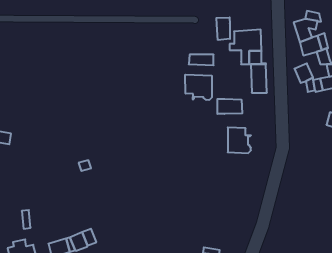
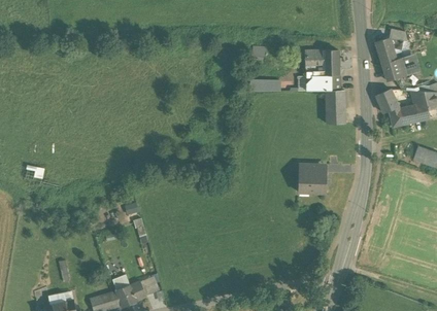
building: [216,17,230,40] -> none
building: [185,75,212,100] -> none
building: [217,99,242,114] -> none

